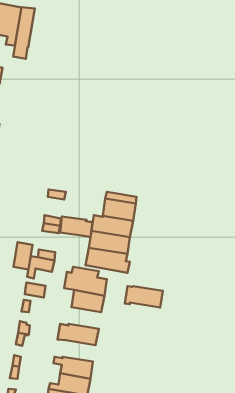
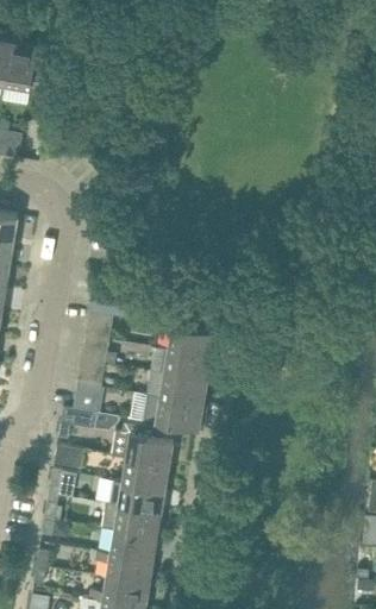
building: [13,7,35,59] -> none
building: [60,216,93,237] -> none
building: [14,242,32,269] -> none
building: [125,286,163,307] -> [111,482,165,513]
building: none -> [109,529,157,560]

